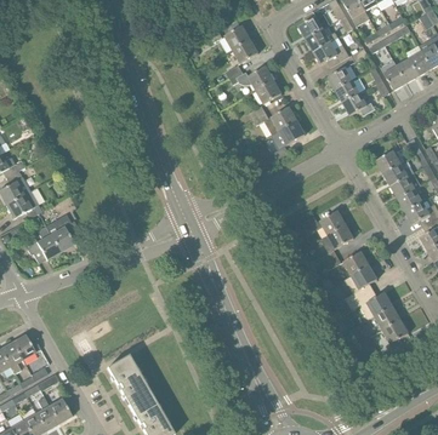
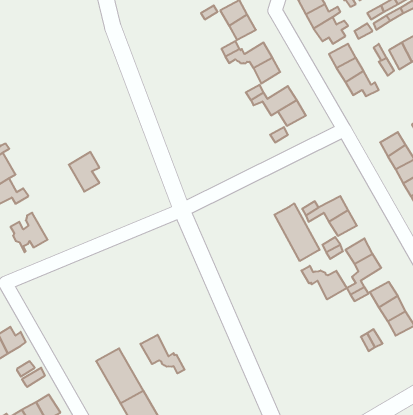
building: [45,213,74,251] -> [69,152,99,192]
building: none -> [274,203,320,261]
building: none -> [301,266,347,299]
building: none -> [140,335,185,373]

